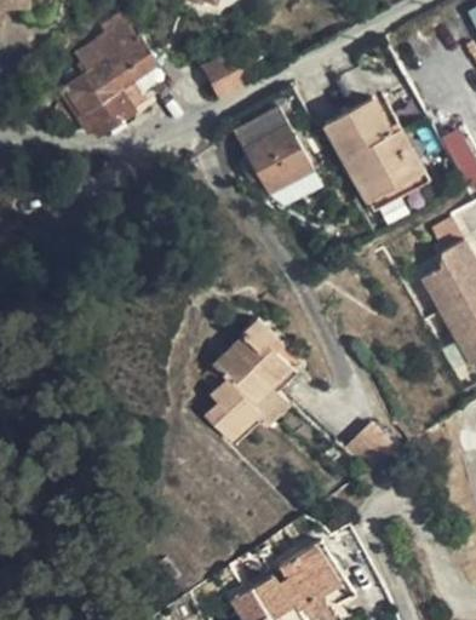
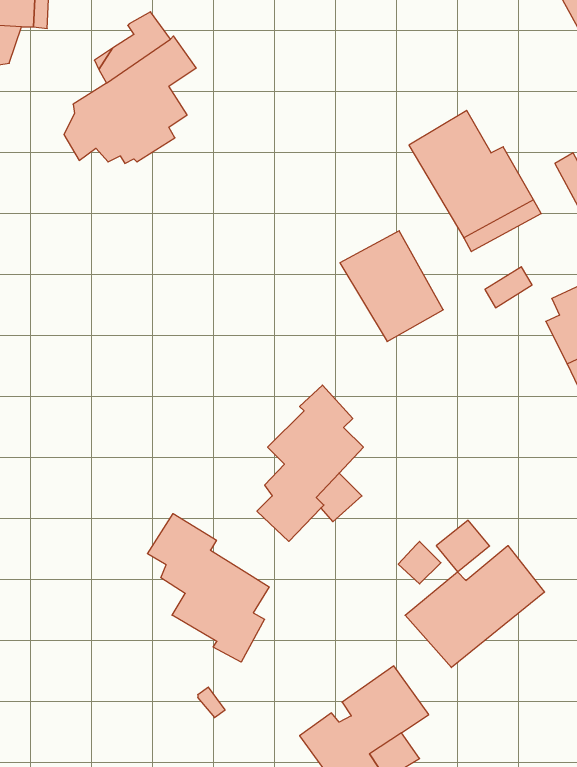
building: [202,52,247,101] -> none
building: [233,103,315,191] -> [340,231,443,342]
building: none -> [147,514,269,662]
building: none -> [405,546,545,668]

